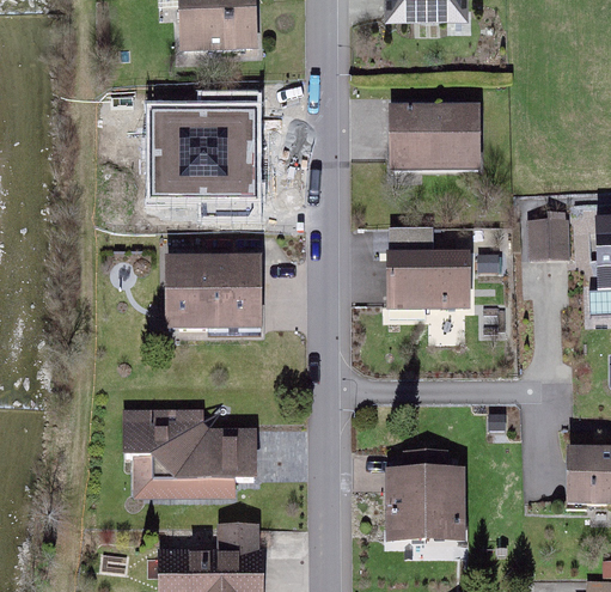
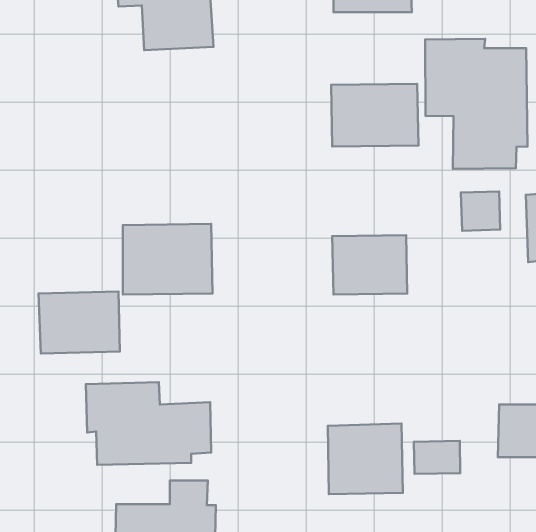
building: none -> [425,39,528,169]
building: [153,91,265,201] -> none
building: none -> [38,292,120,353]
building: none -> [414,441,460,474]

